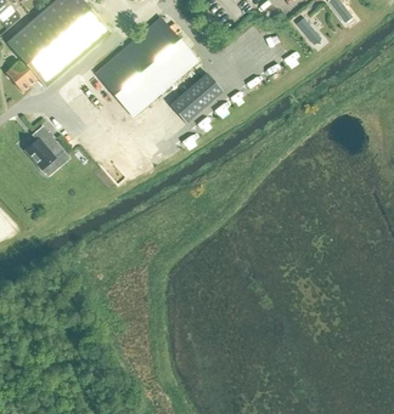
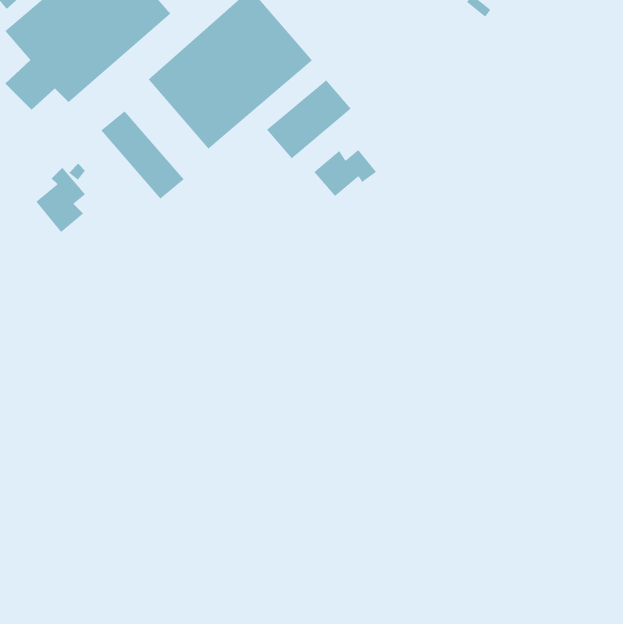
building: none -> [101,110,184,199]
building: none -> [314,149,377,197]

